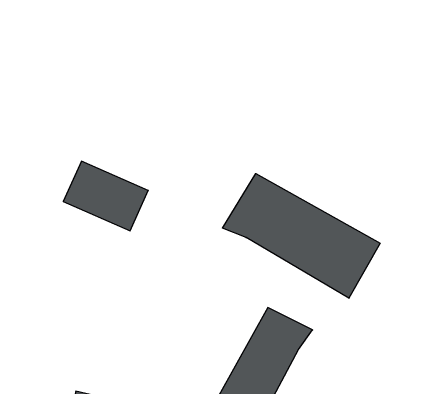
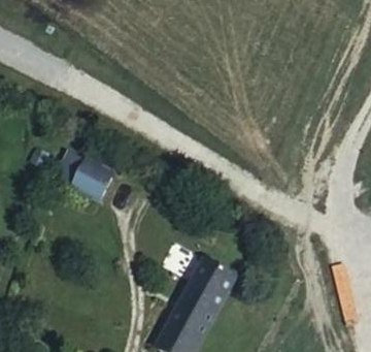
building: [222,174,380,298] -> none

